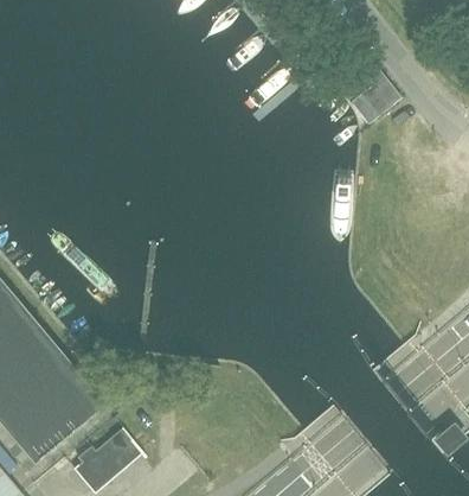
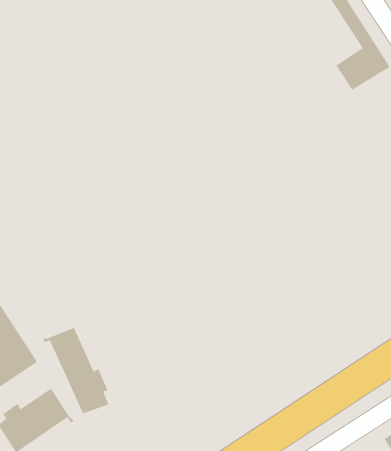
building: none -> [42,327,109,414]

